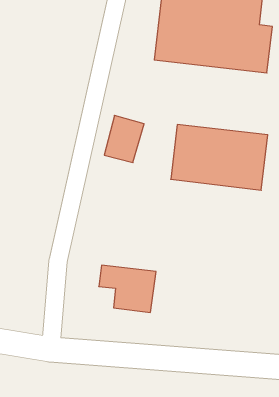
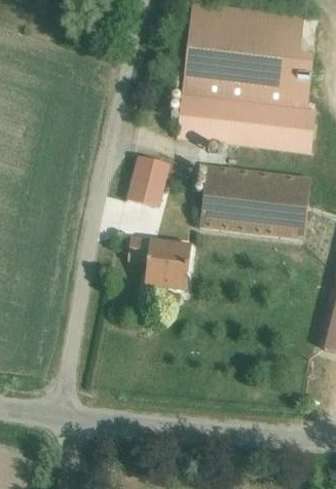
building: none -> [177,92,316,151]
building: [99,265,156,312] -> [128,235,192,288]

